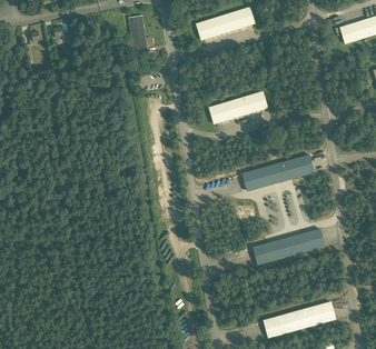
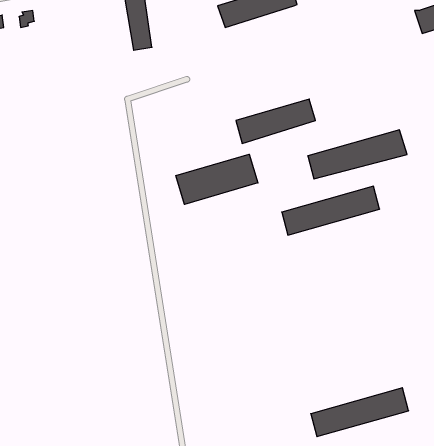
building: none -> [176,154,258,204]
building: [253,228,325,263] -> [308,130,407,179]

